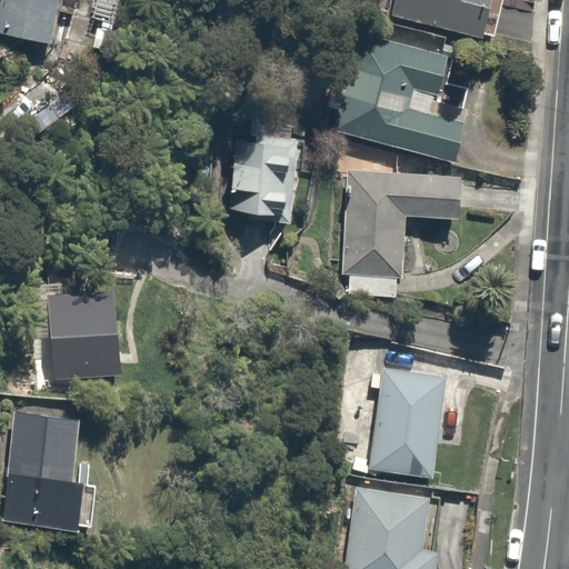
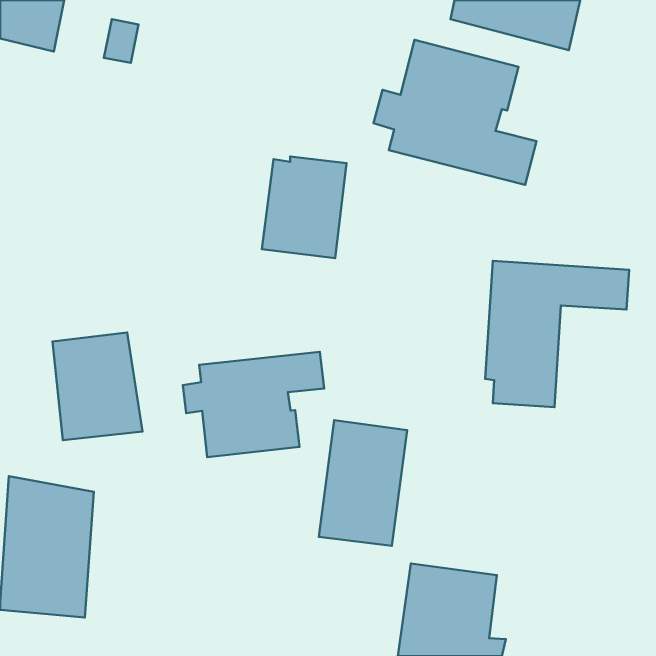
building: [342,171,467,298] -> [485,261,629,407]
building: none -> [183,352,324,457]
building: [369,368,446,477] -> [319,420,407,546]

